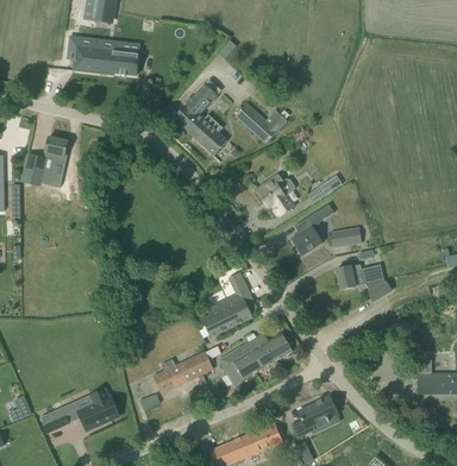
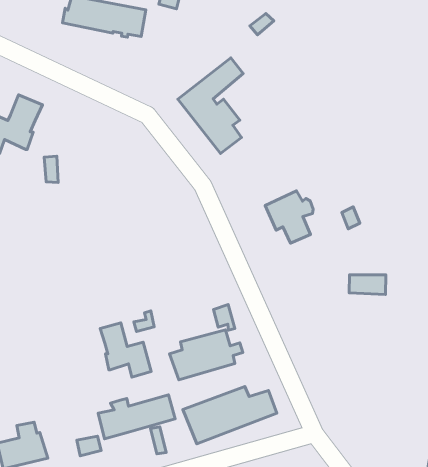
building: [233,101,287,143] -> none
building: [290,203,333,254] -> none
building: [336,264,390,301] -> none
building: none -> [100,323,151,377]

